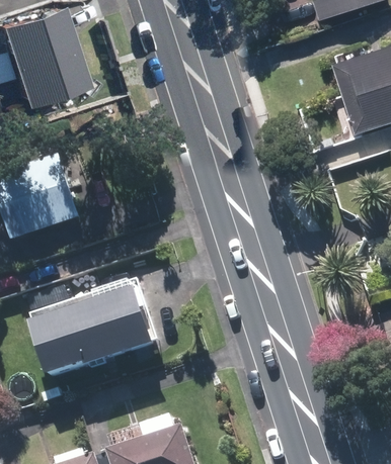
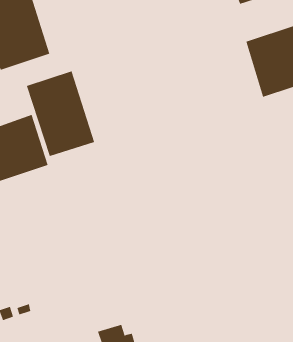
building: none -> [26,71,95,157]
building: [38,288,162,377] -> none

